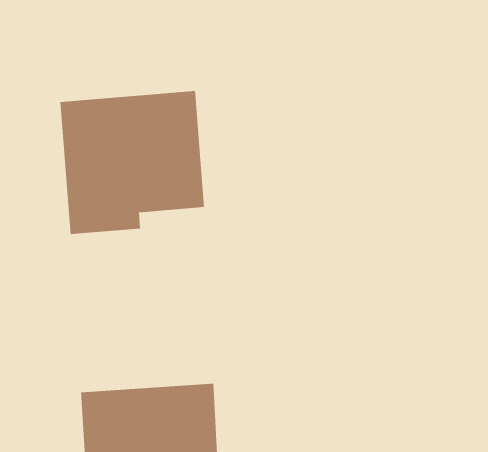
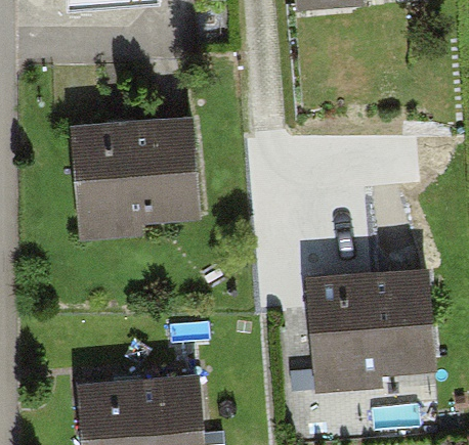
building: none -> [313,265,436,399]

